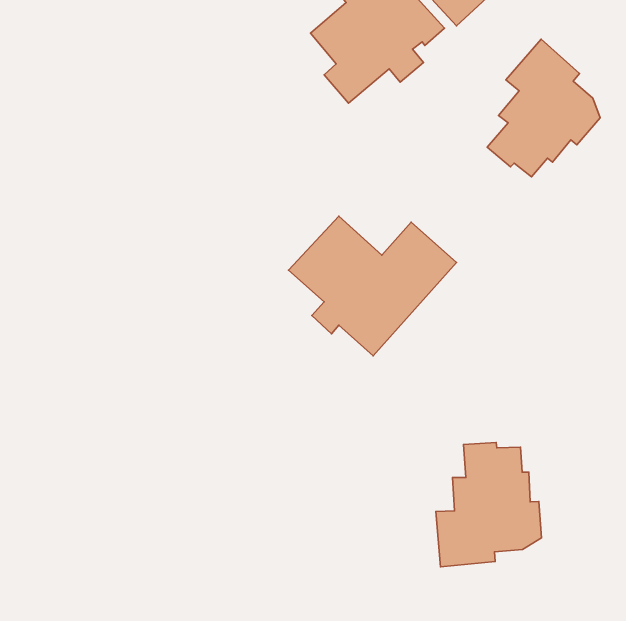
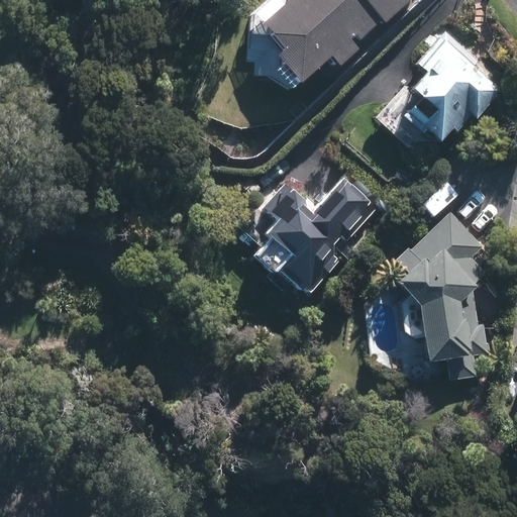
building: none -> [396,214,491,378]
building: [436,443,541,567] -> none

